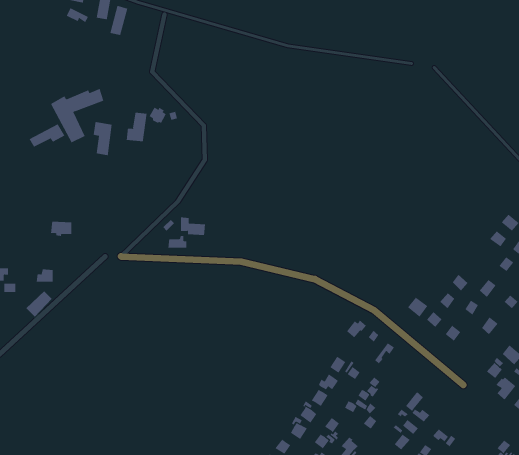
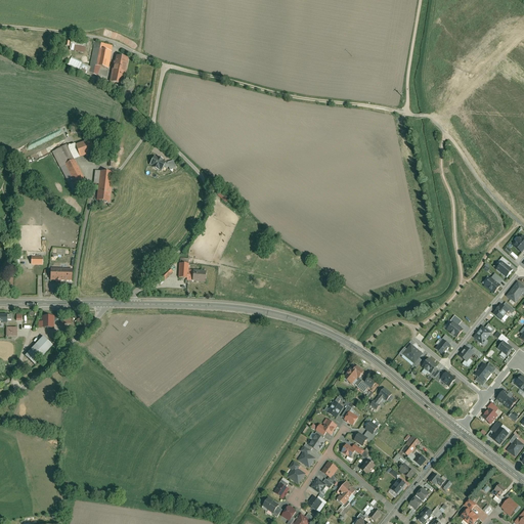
building: [126,112,147,142] -> none
building: [29,123,65,148] -> none

